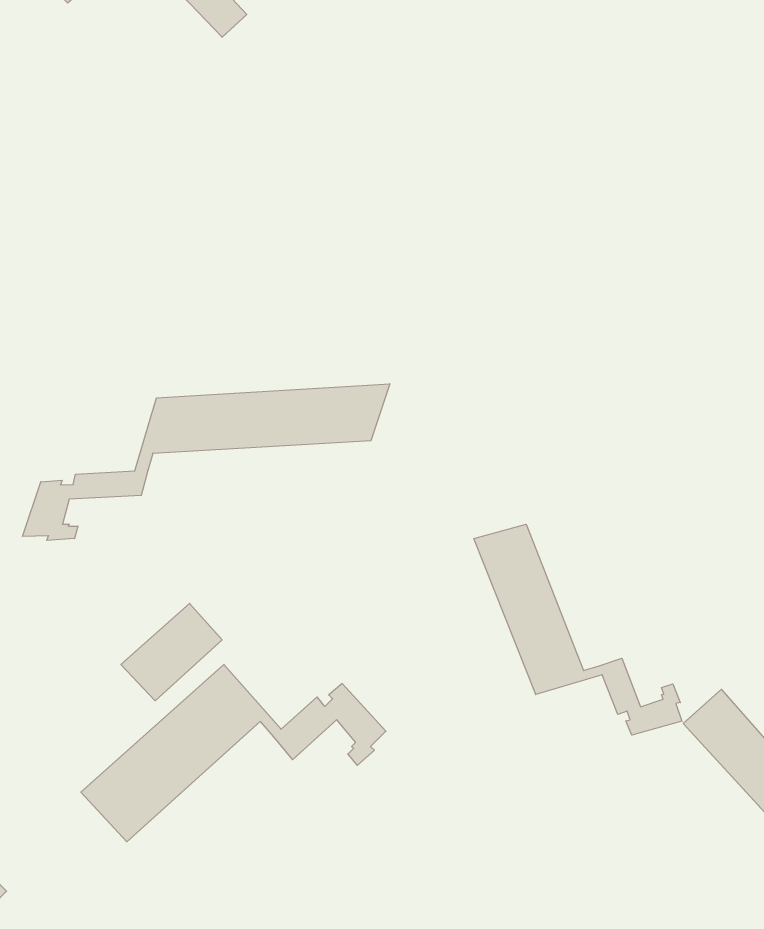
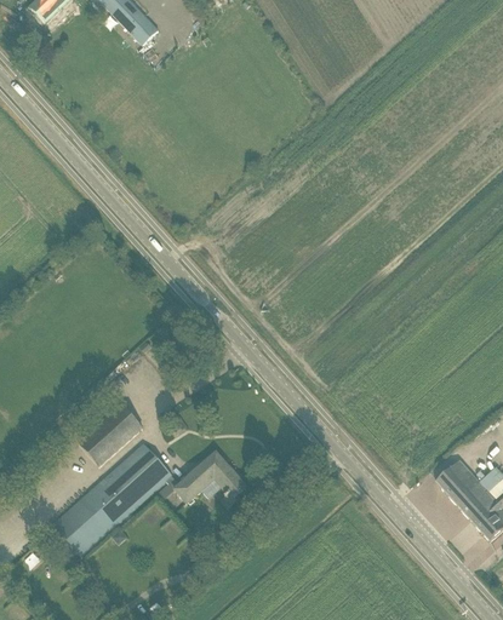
building: [23,384,390,540] -> none
building: [474,524,682,735] -> none

